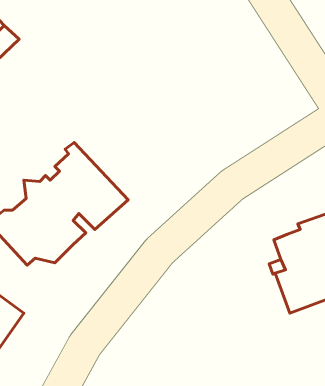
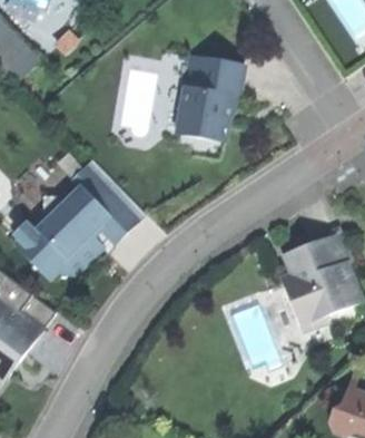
building: none -> [177,56,245,142]

